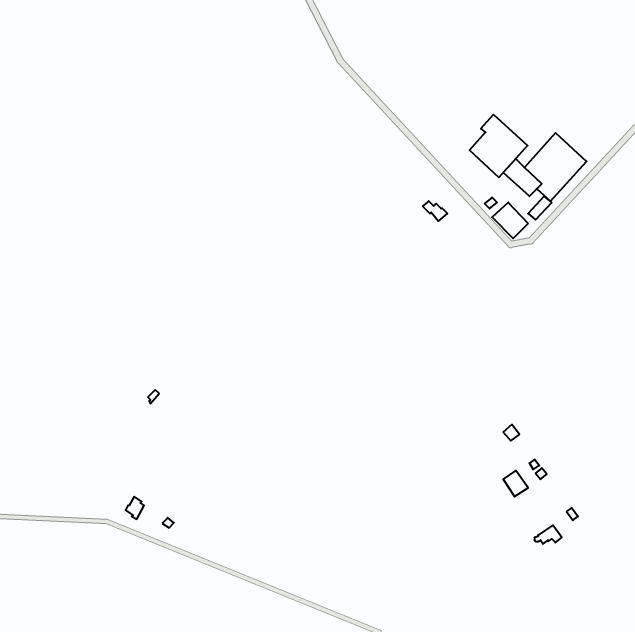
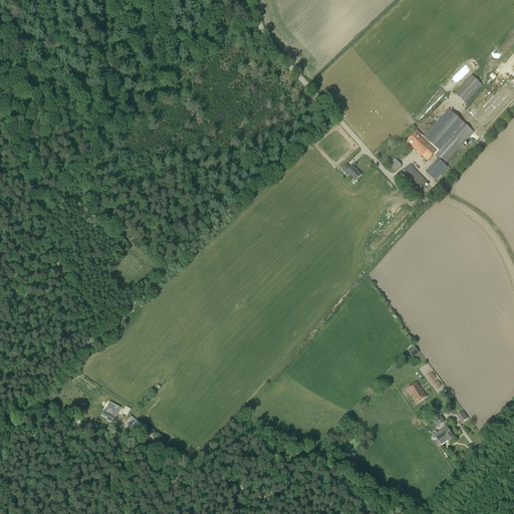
building: none -> [455,73,483,101]
building: [470,115,528,177] -> none

